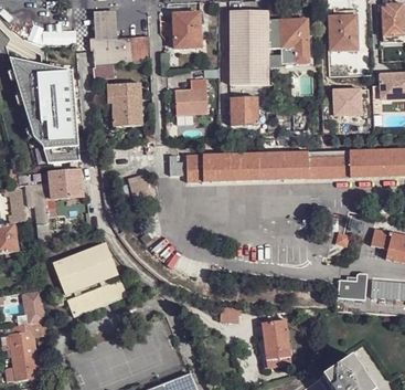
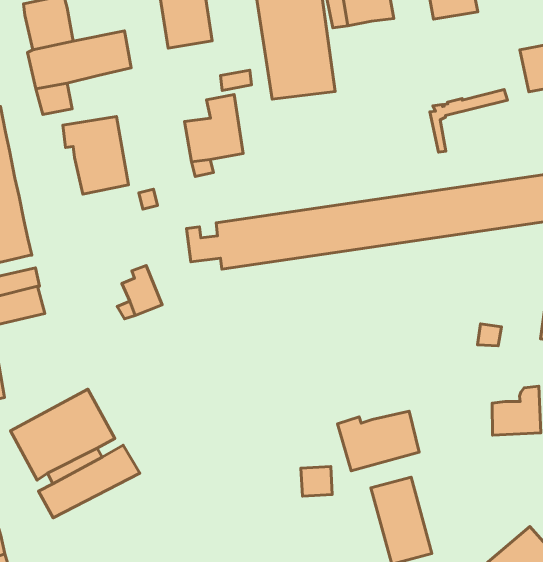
building: [281,46,310,64] -> none
building: [232,97,260,125] -> none
building: none -> [337,411,419,471]

